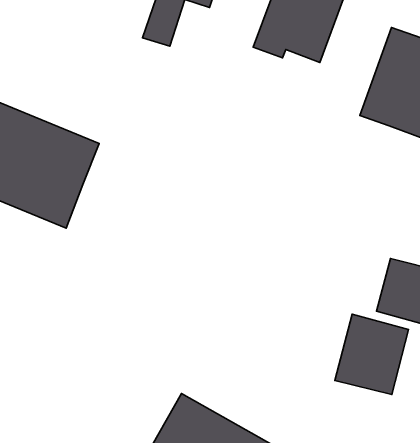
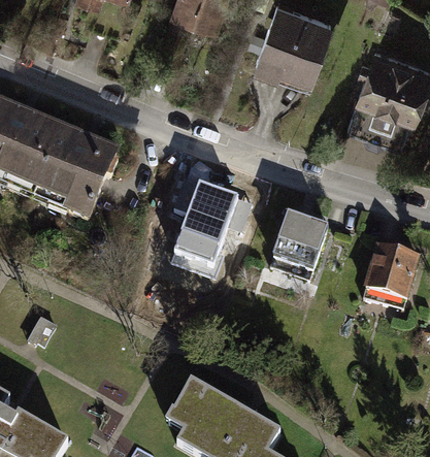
building: none -> [173,192,237,266]
building: none -> [270,222,328,280]
building: [335,314,408,395] -> none

